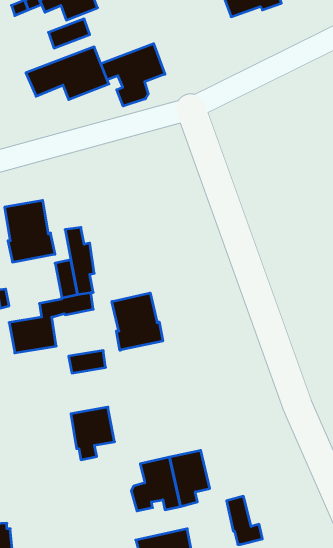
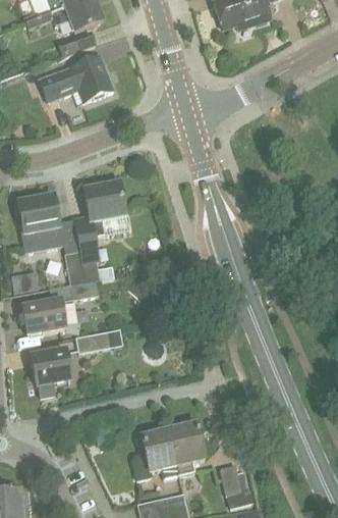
building: [101,44,165,106] -> none
building: none -> [83,182,129,234]
building: [112,293,163,350] -> none
building: [71,407,115,460] -> [31,347,70,395]

